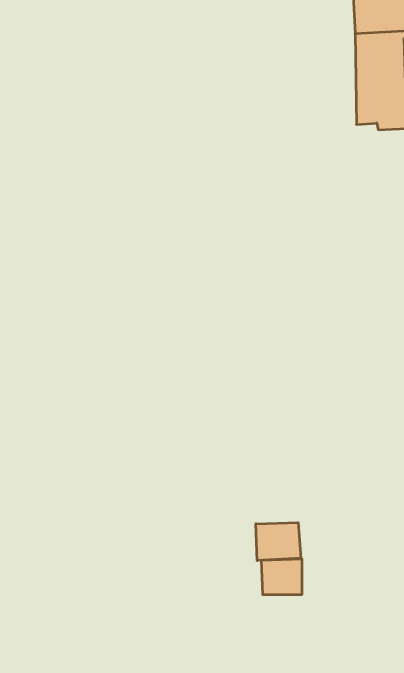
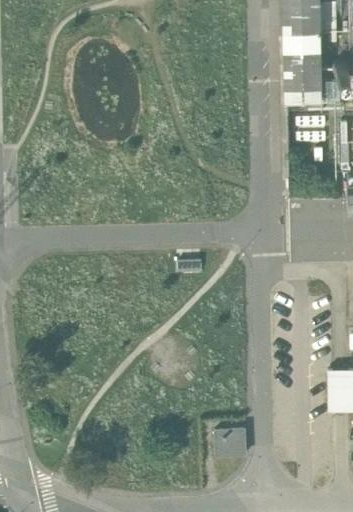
building: [256,523,301,561] -> none

